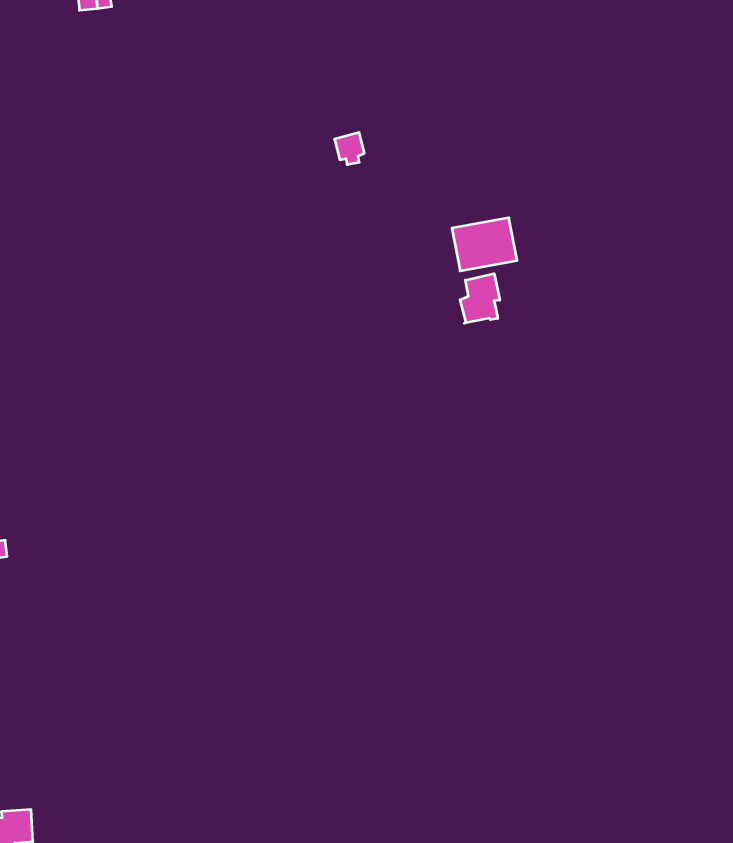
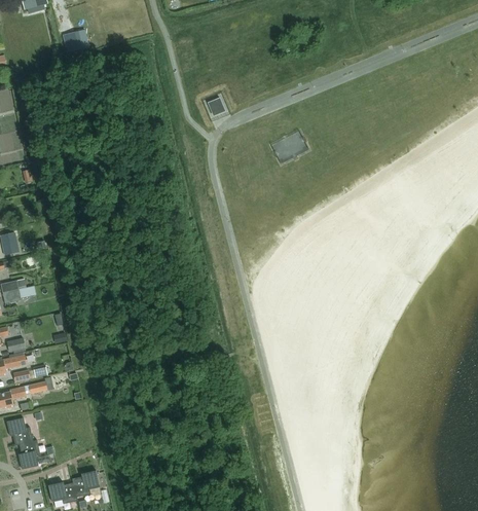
building: [460,274,500,323] -> none

